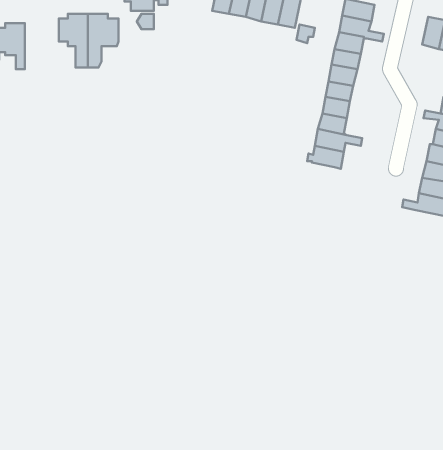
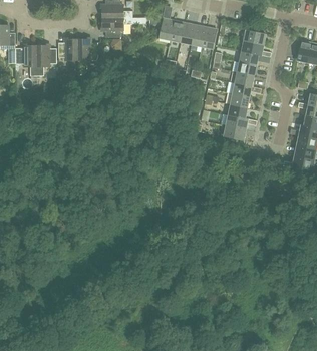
building: none -> [36,45,56,75]

